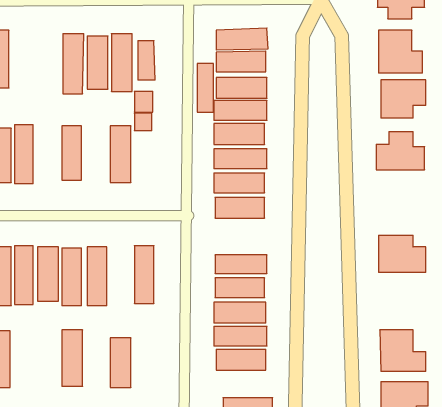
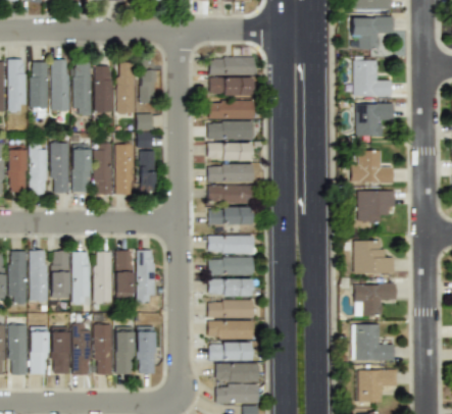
building: none -> [52,60,69,110]
building: none -> [31,61,47,115]
building: [197,64,213,112] -> [140,150,154,193]
building: none -> [52,143,69,193]
building: none -> [94,143,112,195]
building: none -> [358,191,395,221]
building: none -> [207,237,254,253]
building: none -> [115,250,134,300]
building: none -> [354,282,396,316]
building: none -> [95,325,112,375]
building: none -> [138,326,155,373]
building: none -> [31,327,48,374]
building: none -> [52,327,69,374]
building: none -> [215,364,260,381]

